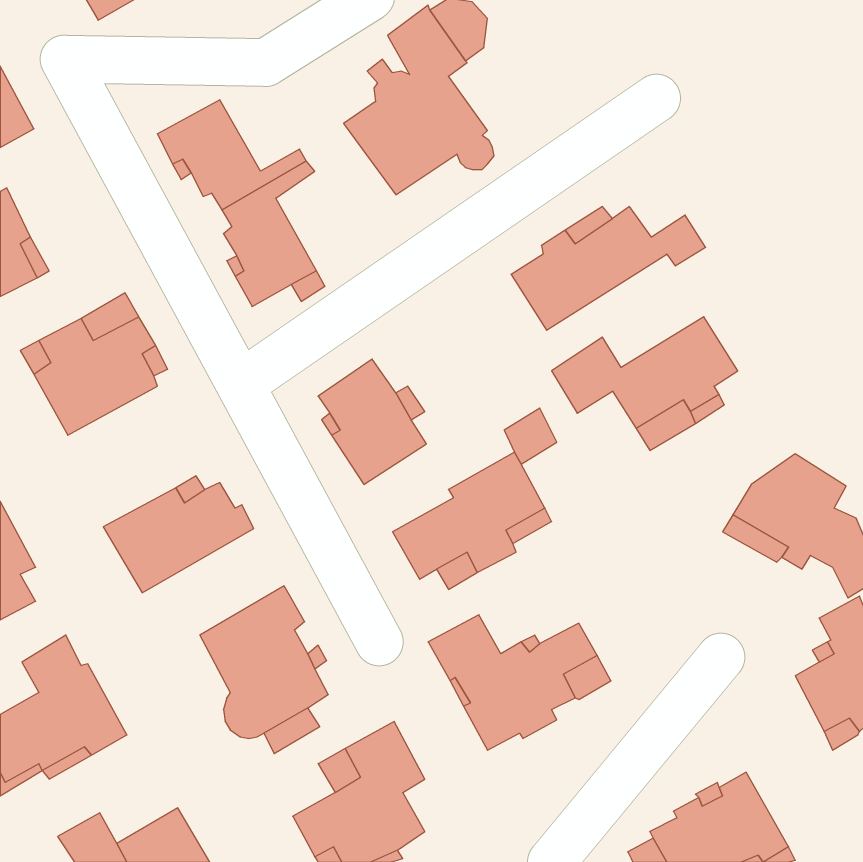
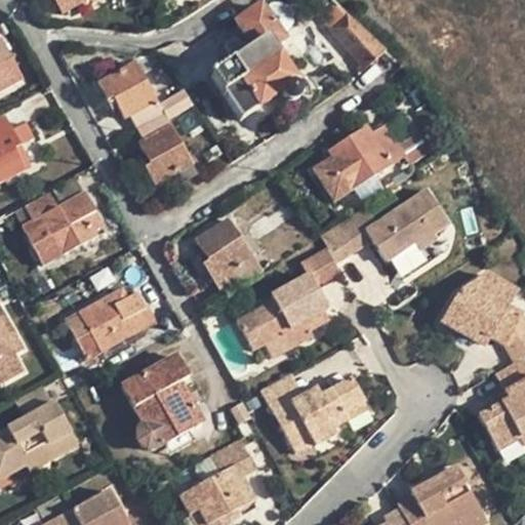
building: none -> [328,10,386,68]

